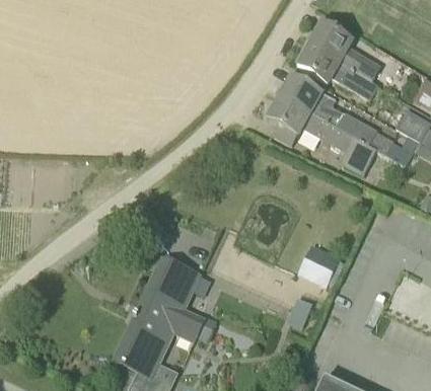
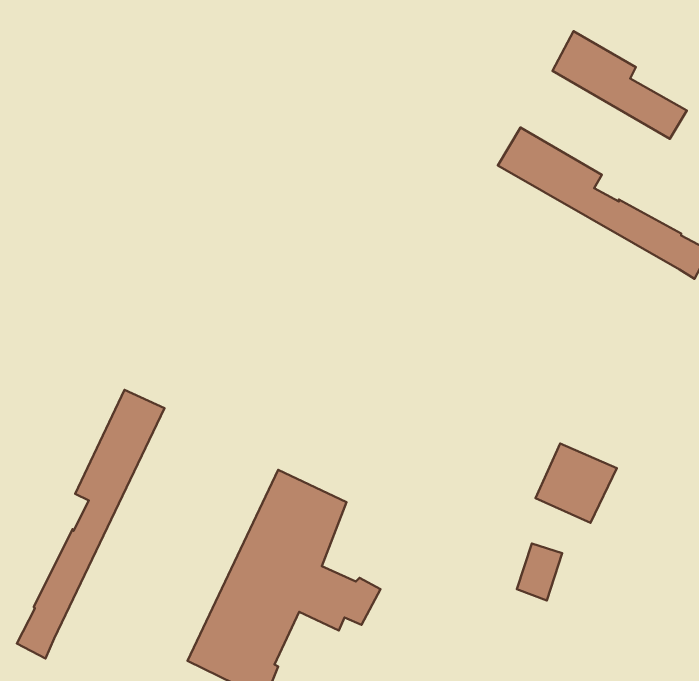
building: [297,43,378,99] -> none
building: [267,93,377,174] -> none
building: none -> [17,390,164,659]

